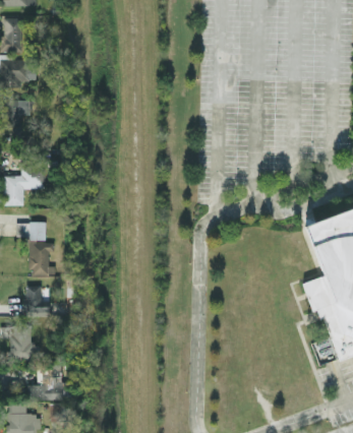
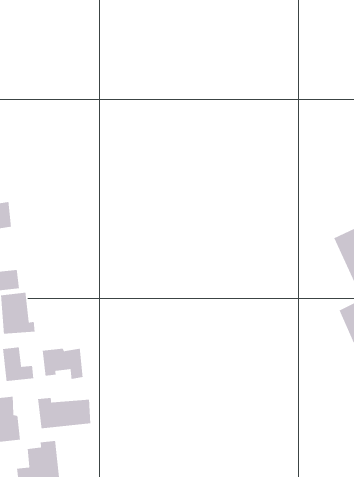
building: none -> [42,348,83,380]
building: none -> [37,397,91,429]

